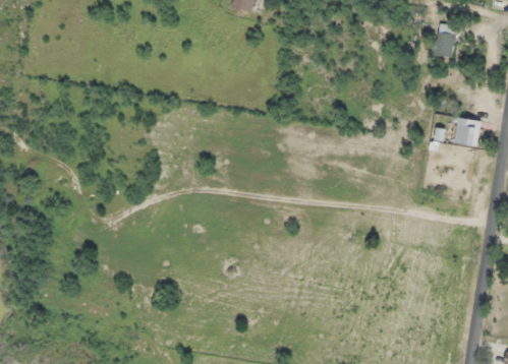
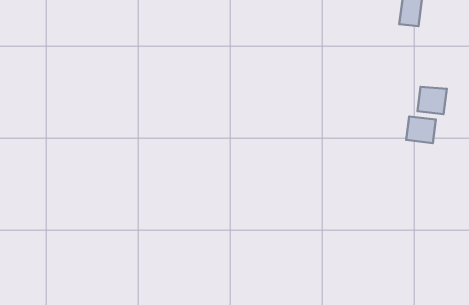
building: none -> [406,116,436,143]

